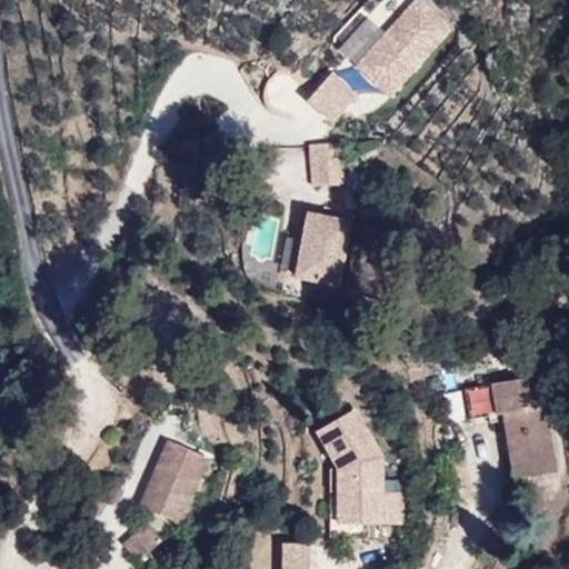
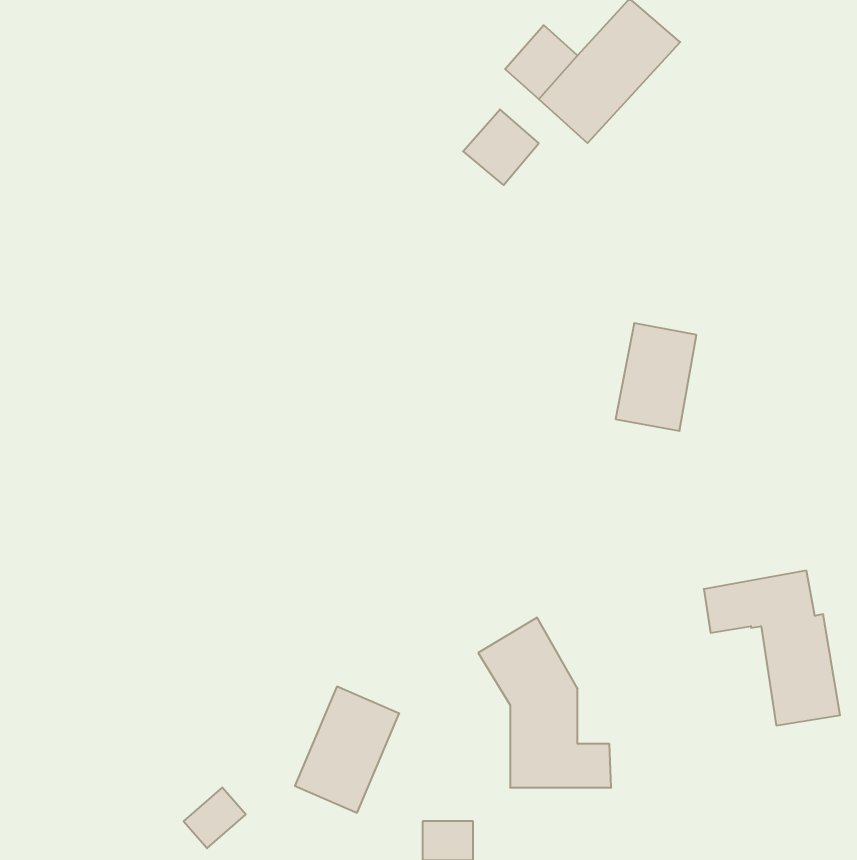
building: [309,142,343,184] -> none
building: [295,212,348,283] -> [616,323,696,431]
building: [139,439,208,522] -> [295,687,399,813]

